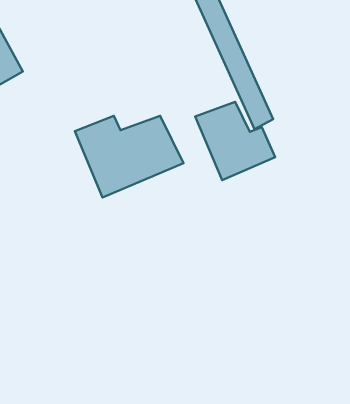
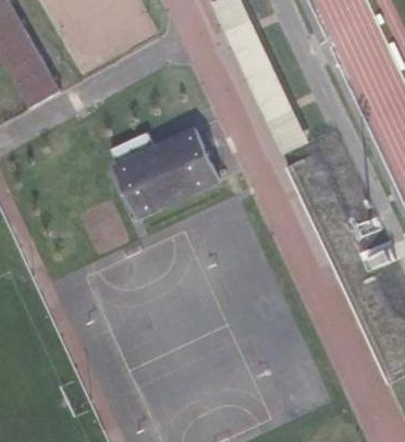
building: [195,102,275,180] -> none

